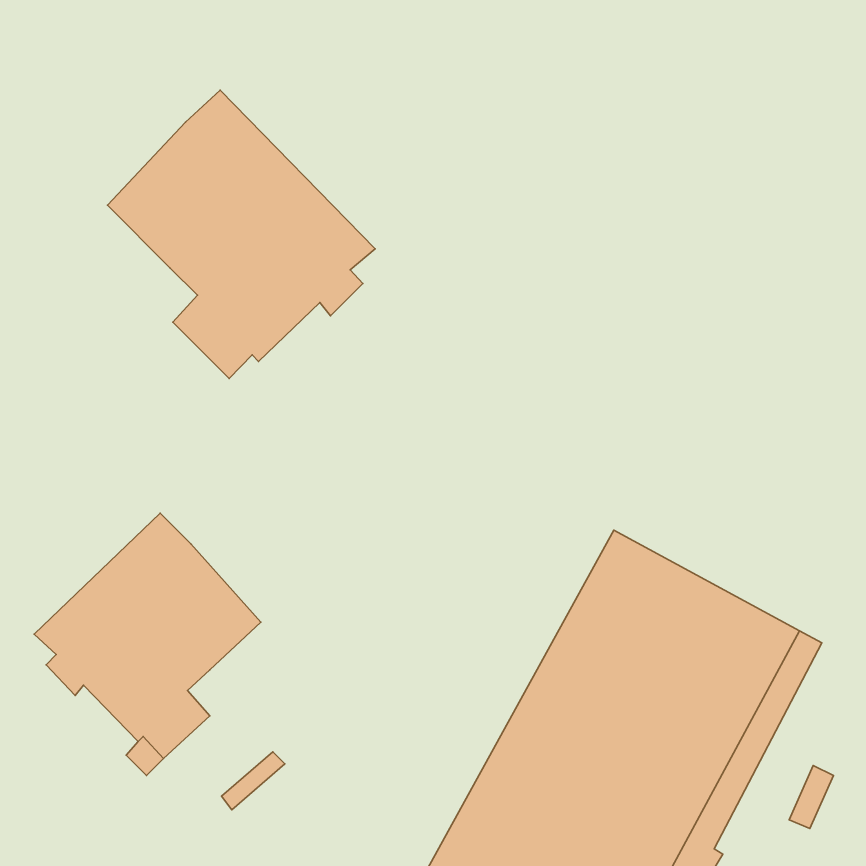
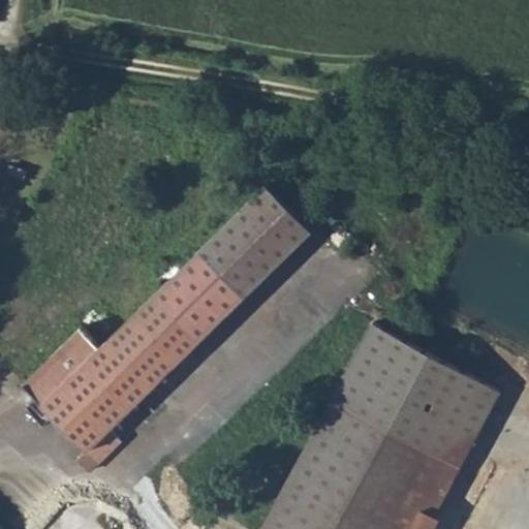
building: [107,90,375,378] -> none
building: none -> [116,187,310,380]

